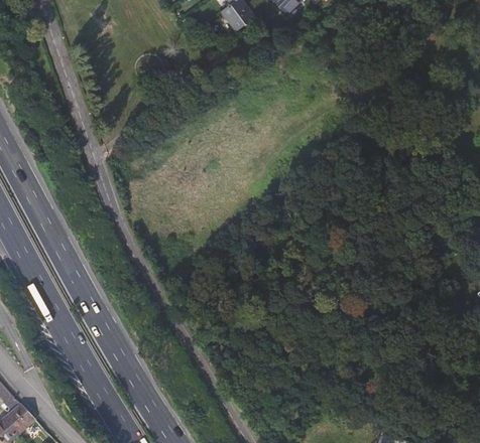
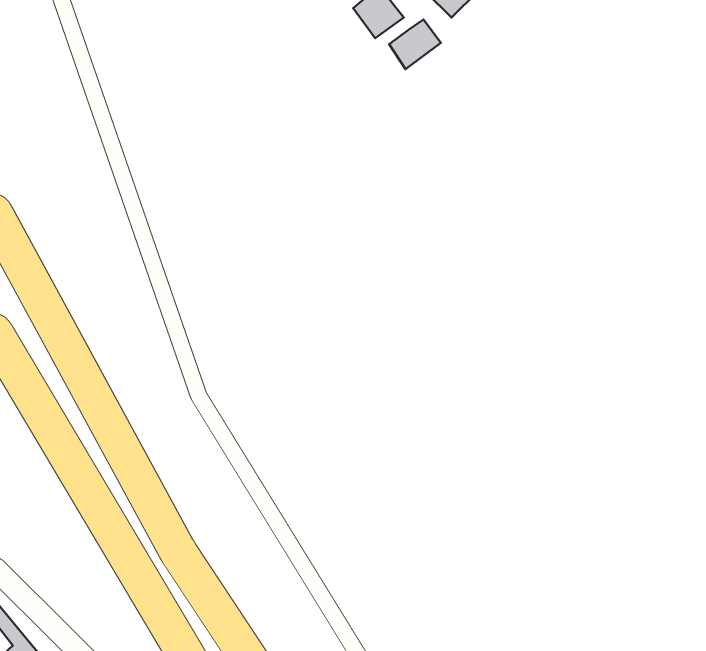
building: none -> [389,20,441,69]

